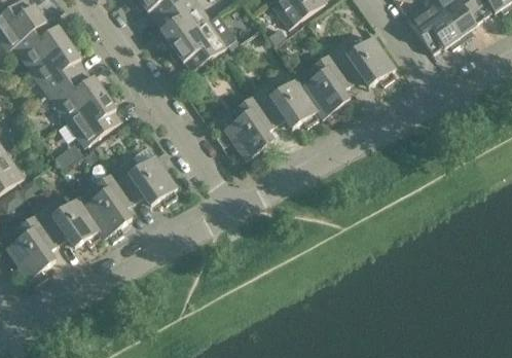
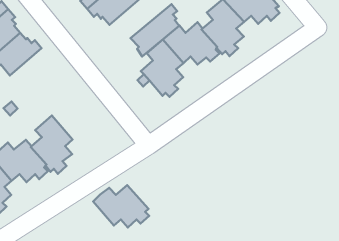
building: none -> [131,4,179,56]
building: [67,91,120,146] -> none
building: [112,156,177,207] -> [93,185,149,227]

